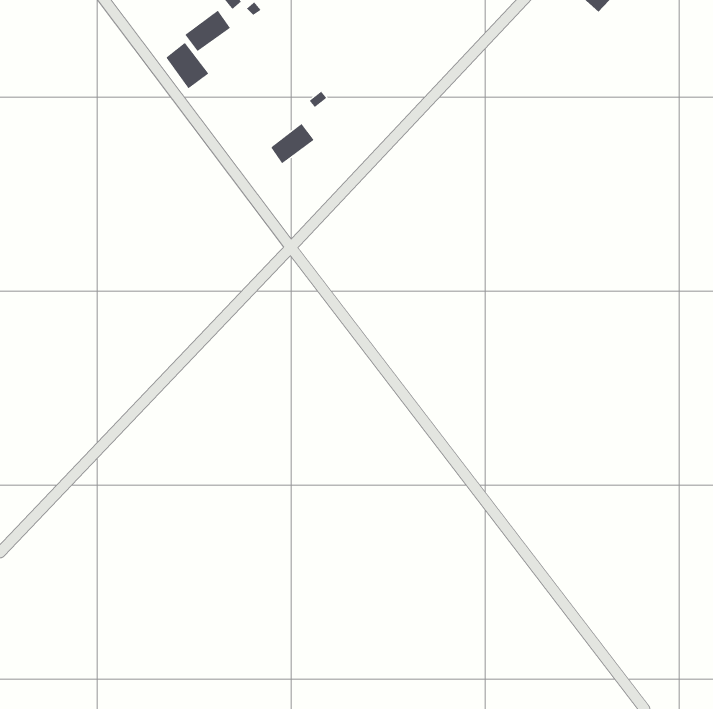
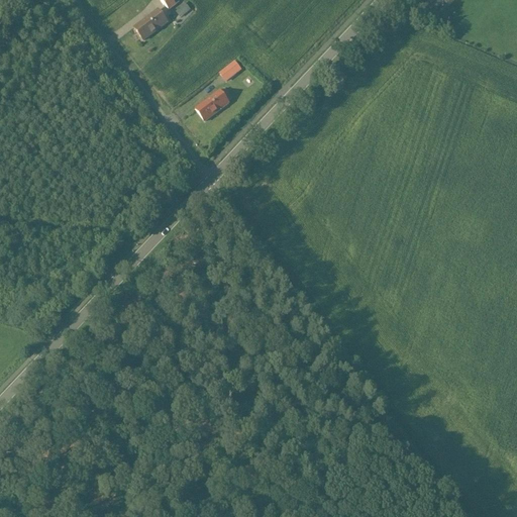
building: [165,41,209,89] -> none

